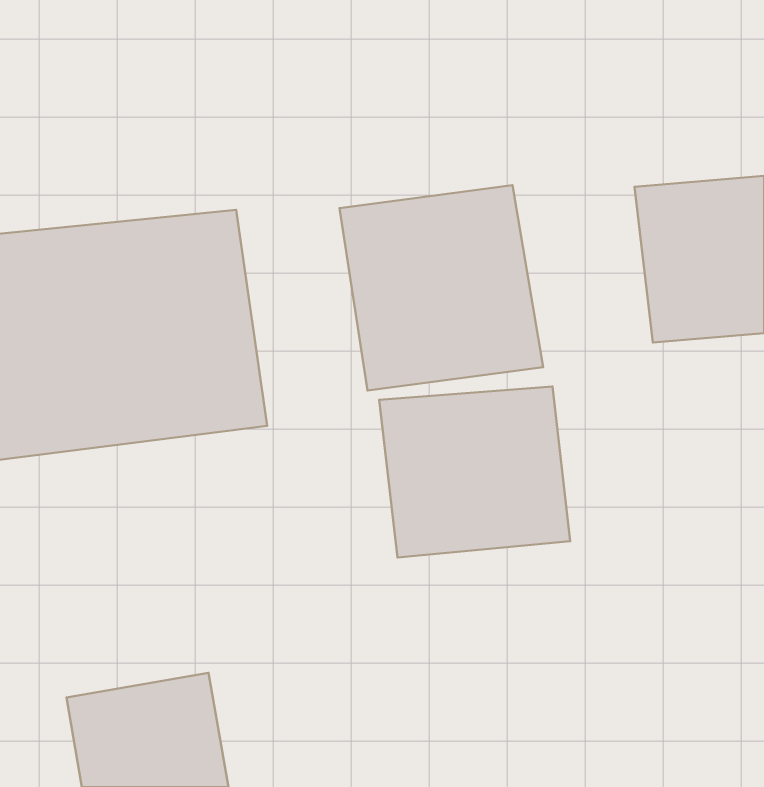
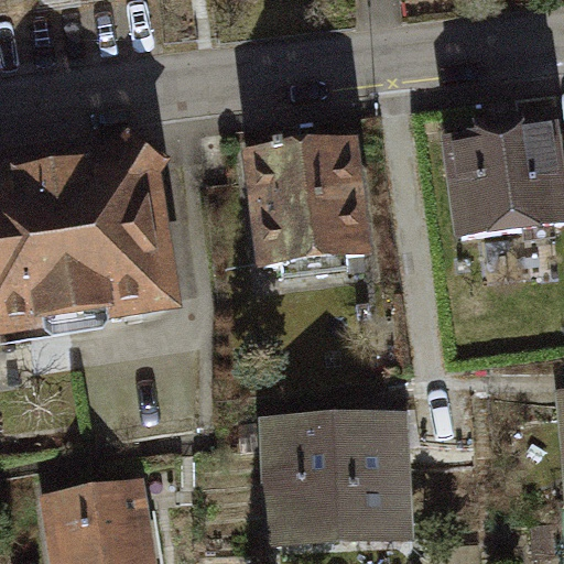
building: [379,386,570,557] -> none
building: none -> [268,403,432,544]

